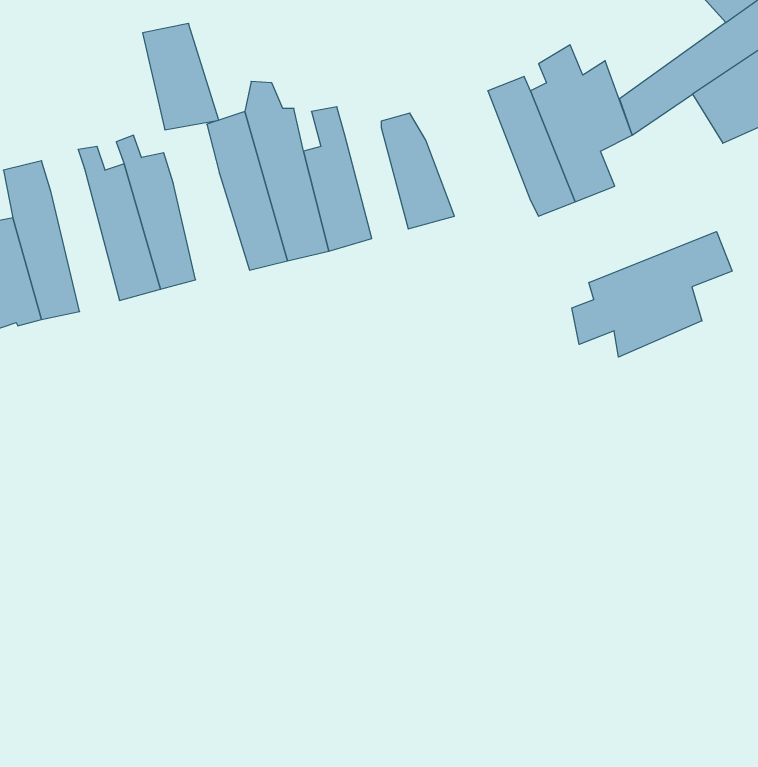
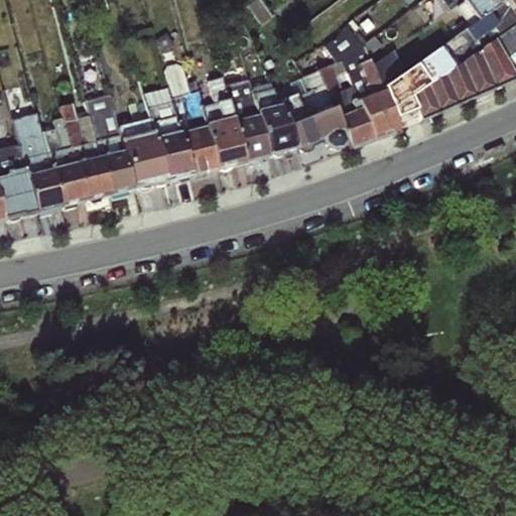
building: [143,23,219,130] -> [120,120,168,187]
building: none -> [280,68,347,147]
building: none -> [411,70,469,120]
building: none -> [229,91,269,161]
building: none -> [42,117,86,208]
building: [572,232,732,357] -> none

